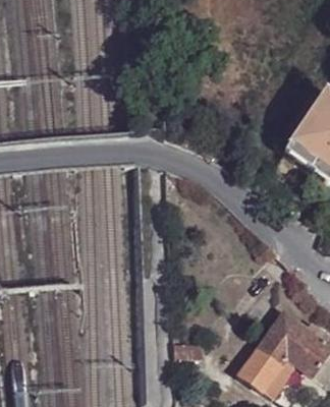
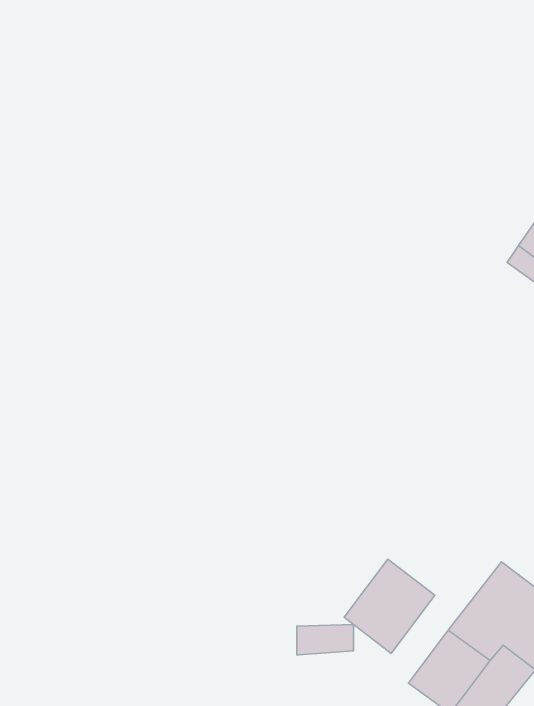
building: none -> [344,559,435,653]

